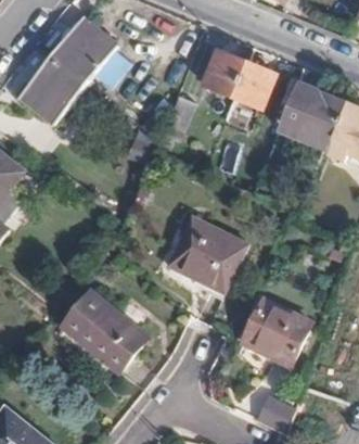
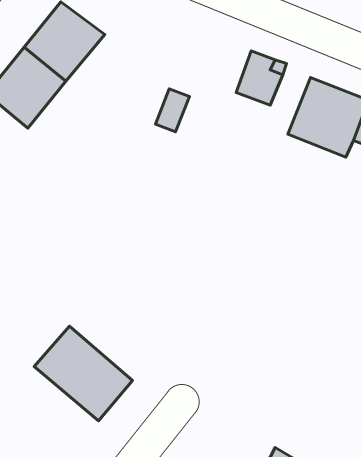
building: [204,49,246,94] -> none
building: [168,223,245,297] -> none
building: [242,304,309,369] -> none

